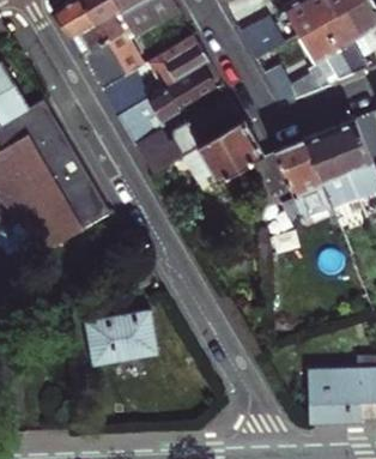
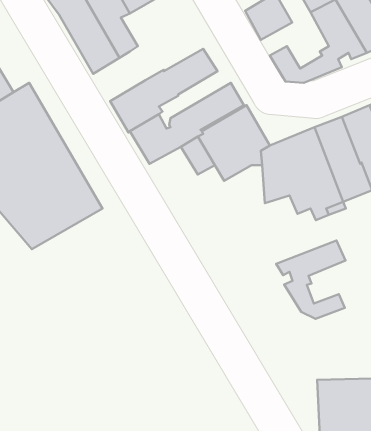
building: [148,35,208,87] -> none
building: [102,70,150,115] -> none
building: none -> [276,241,345,319]
building: [85,310,158,367] -> none

